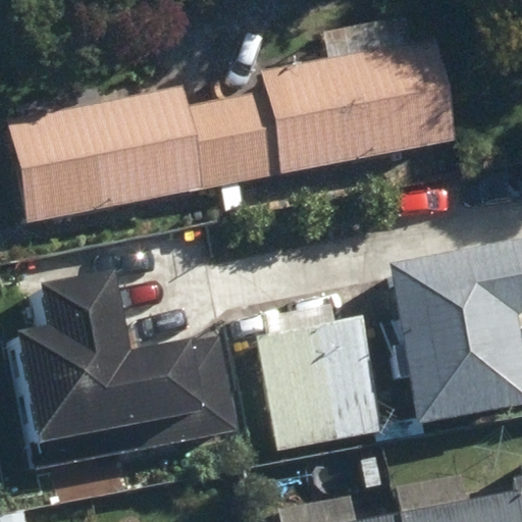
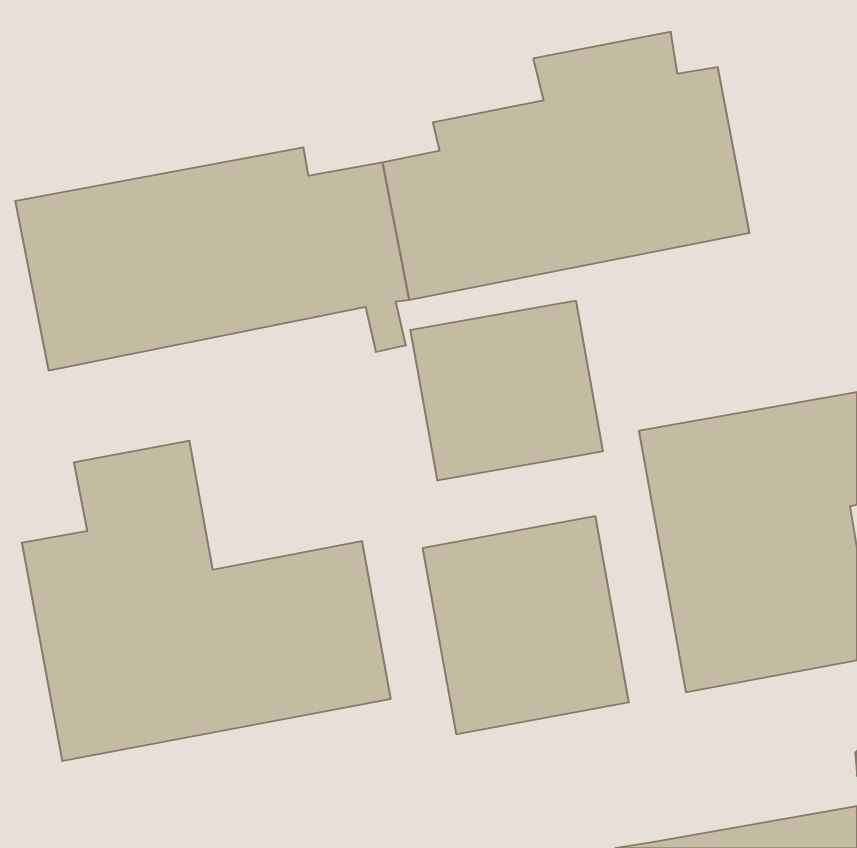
building: none -> [410,301,603,481]

